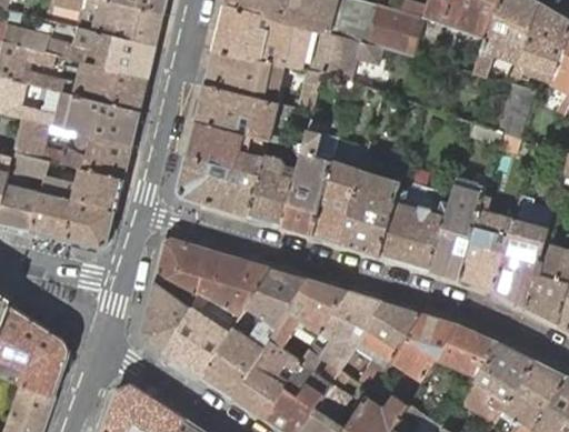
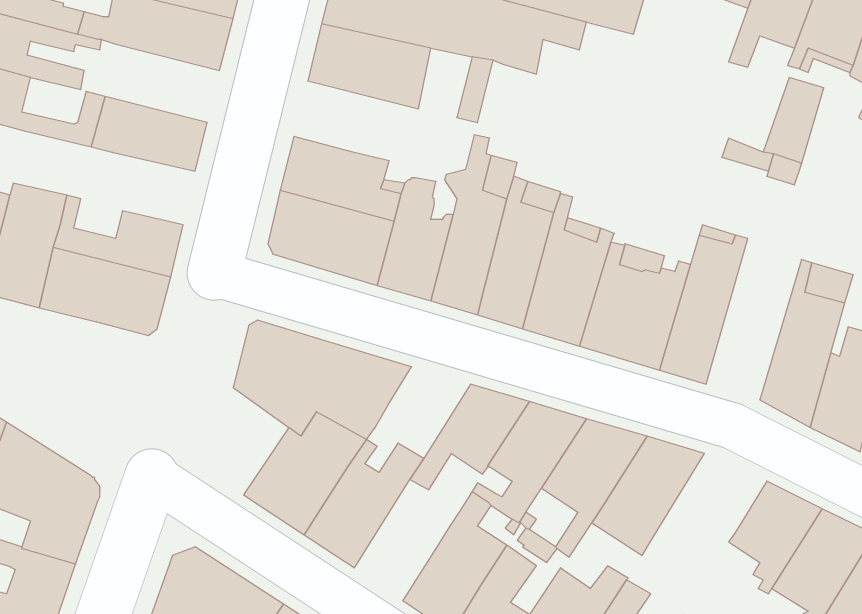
building: [57,62,146,112] -> none
building: [193,86,297,145] -> none
building: [13,118,130,178] -> none
building: [458,168,513,290] -> none
building: [246,269,307,328] -> none
building: [141,282,190,351] -> none
building: [436,324,497,376] -> none
building: [232,341,300,419] -> none

